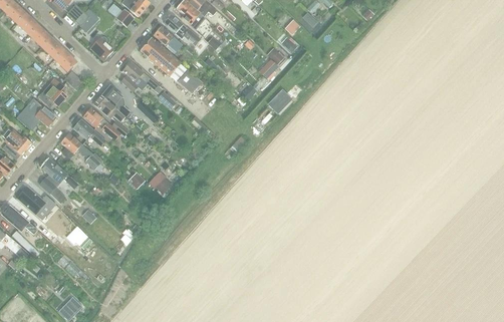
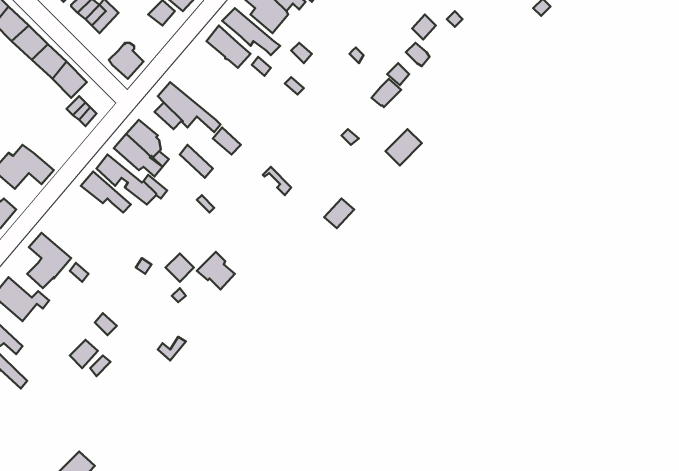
building: [140,37,201,93] -> none
building: [36,77,65,107] -> none
building: [59,132,99,169] -> none

